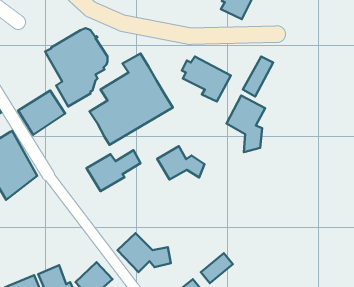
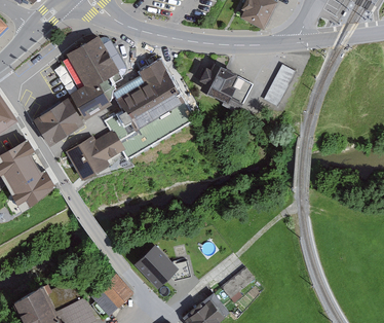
building: [226,95,265,152] -> none
building: [157,146,204,179] -> none
building: [86,150,141,191] -> [66,134,121,176]

